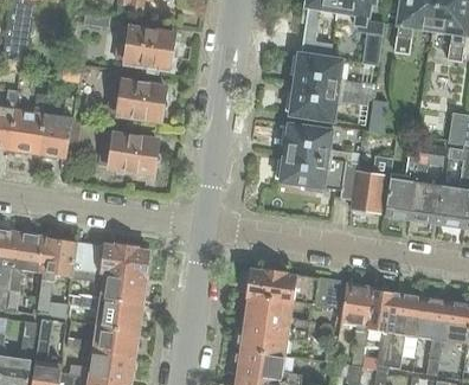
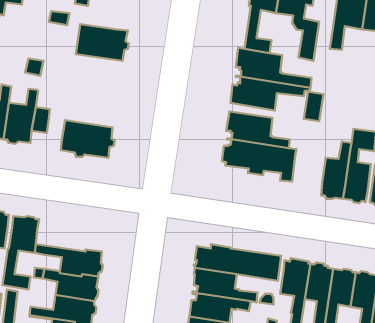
building: [108,79,166,121] -> none
building: [352,156,392,217] -> none
building: [72,242,150,277] -> none

